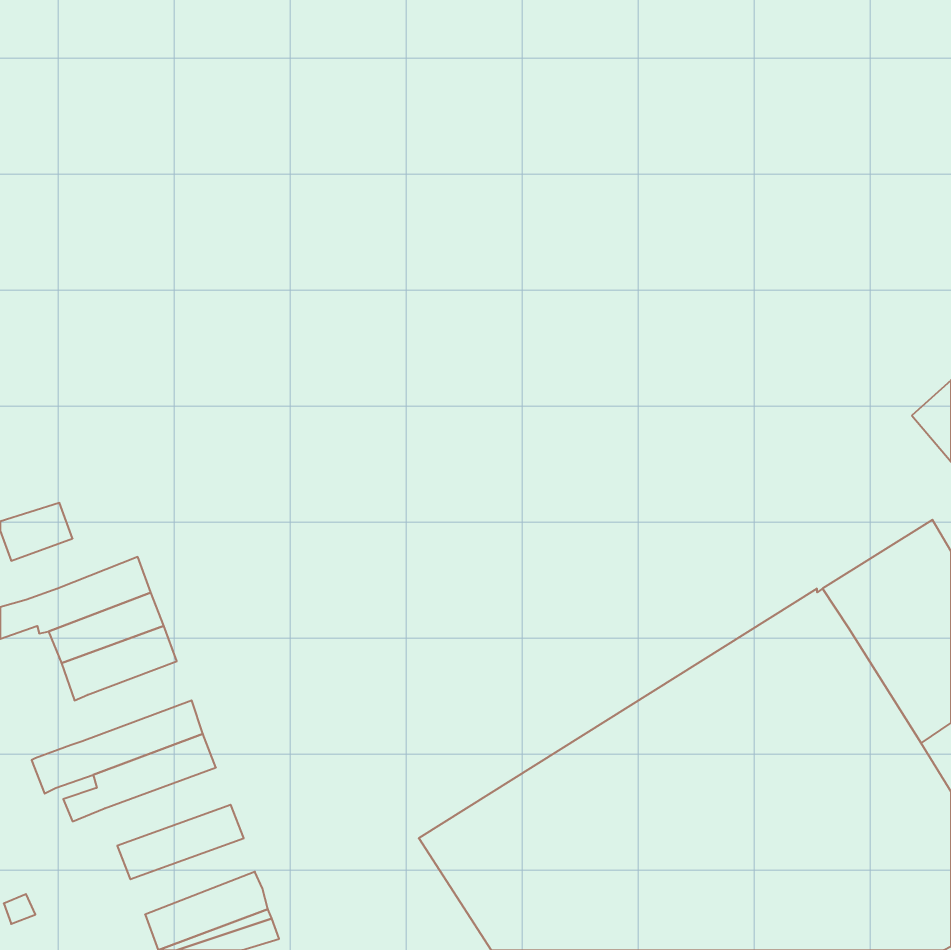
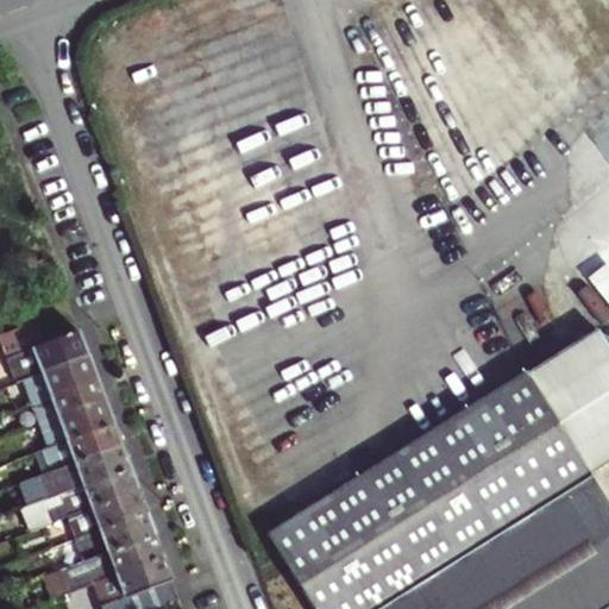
building: none -> [7,331,88,383]
building: none -> [44,422,123,473]
building: none -> [67,490,147,540]
building: none -> [39,535,163,592]

